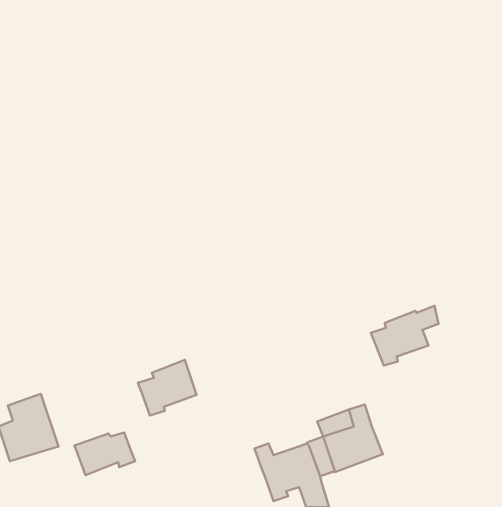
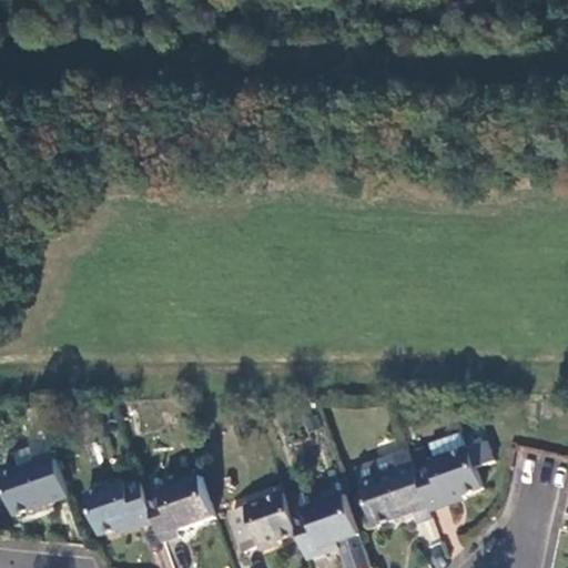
building: [371,306,438,366] -> [415,446,490,513]
building: [138,360,197,416] -> [146,478,212,540]
building: none -> [229,493,296,554]

